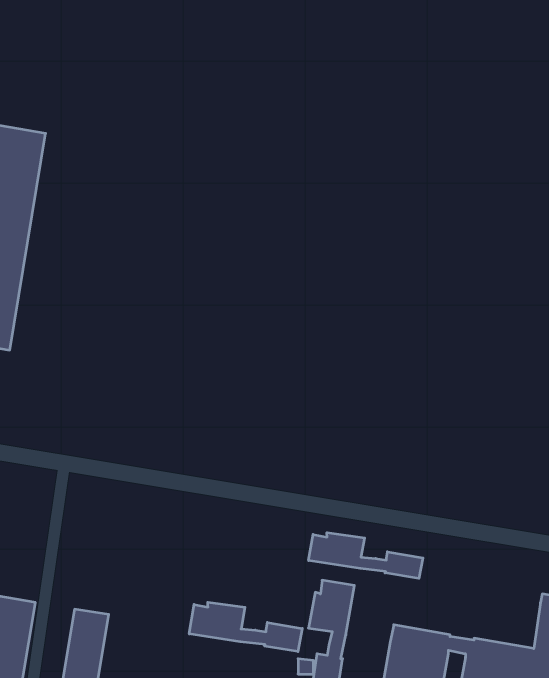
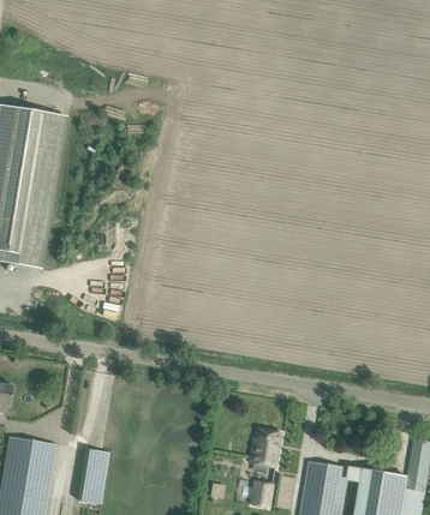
building: [309,533,423,578] -> none
building: [189,602,302,652] -> none

